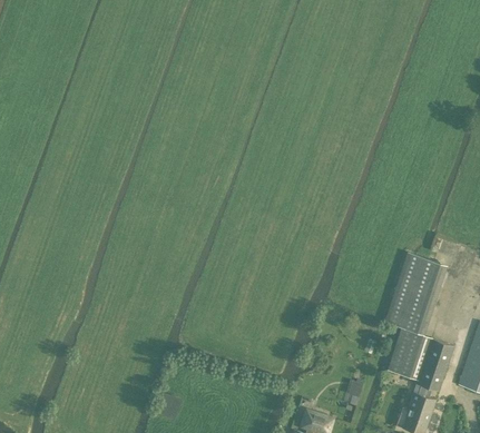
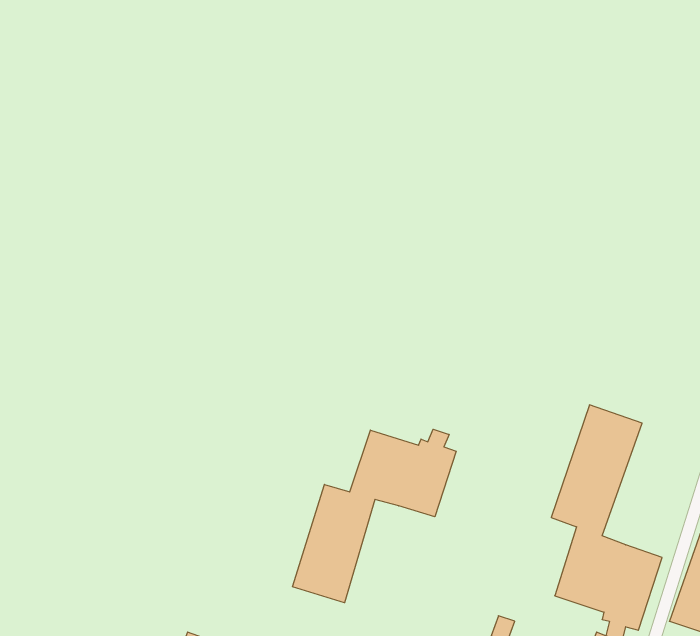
building: none -> [293,429,456,603]

